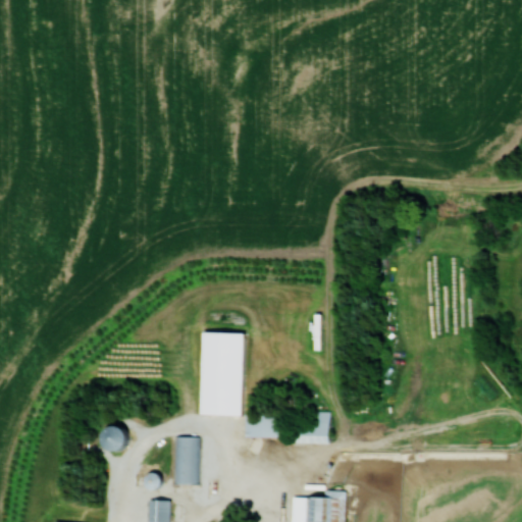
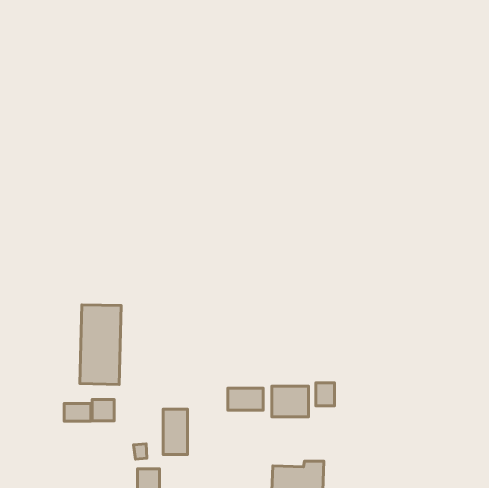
building: [199,332,243,417] -> [80,305,121,384]
building: none -> [316,383,334,406]
building: none -> [64,404,91,421]

